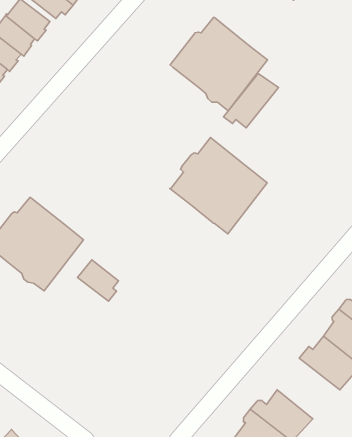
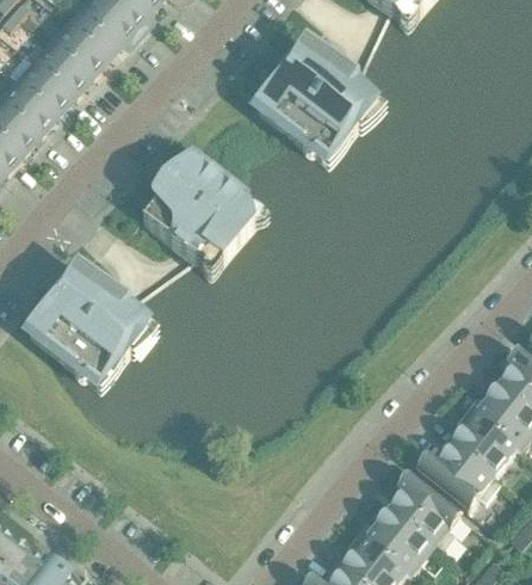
building: [223,73,279,128] -> none
building: [170,137,267,234] -> [142,152,262,271]
building: [77,260,118,301] -> none
building: none -> [389,472,459,542]

